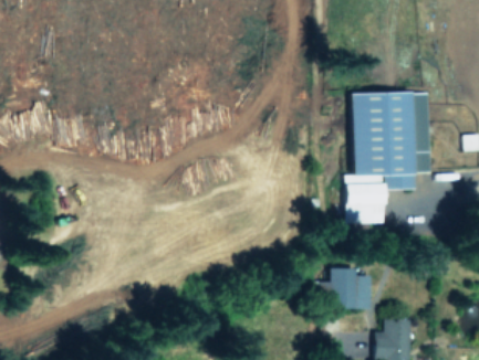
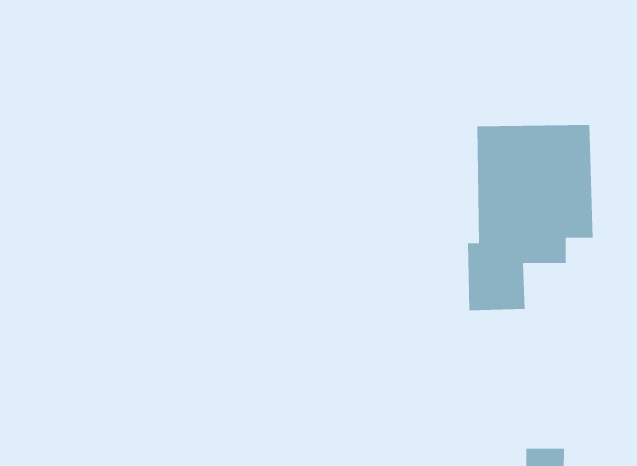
building: [327,267,371,308] -> none

